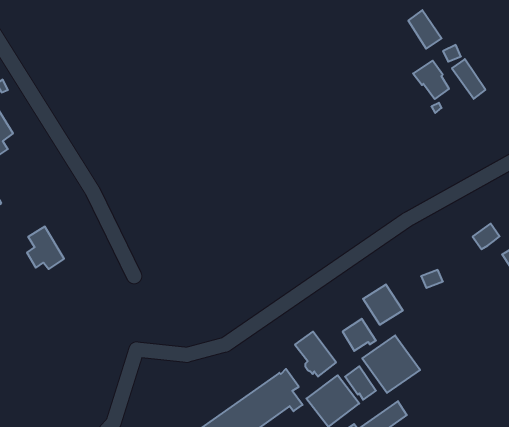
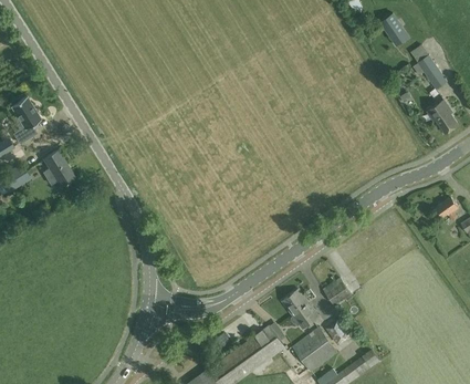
building: [413,61,449,99] -> [426,100,457,133]
building: [27,227,64,269] -> [42,149,74,186]
building: [363,284,403,325] -> none
building: [362,335,420,393] -> none

